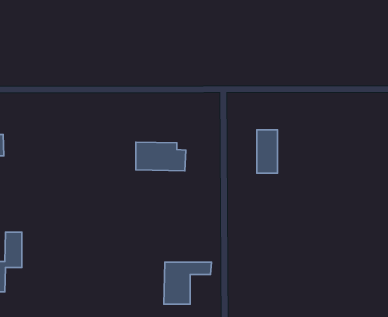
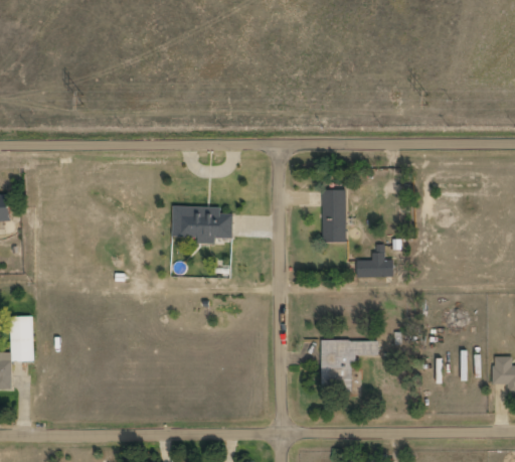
building: none -> [356,247,392,277]
building: [164,262,211,304] -> [320,341,378,393]

